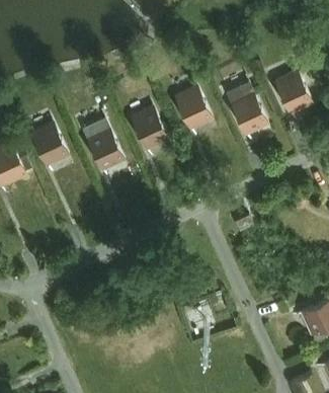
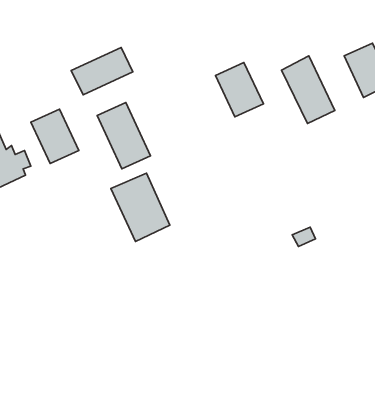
building: none -> [71,47,133,95]
building: [131,106,168,149] -> none
building: none -> [111,173,170,242]

